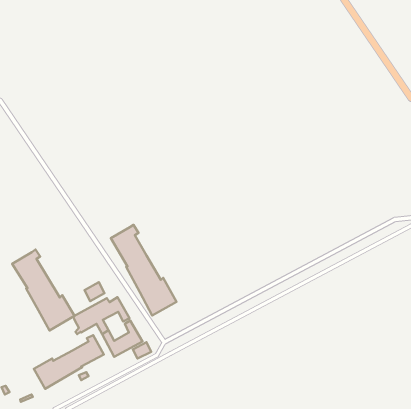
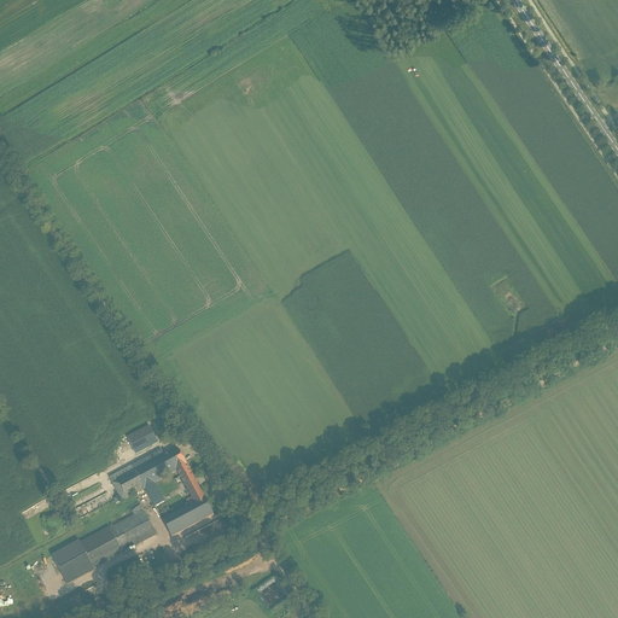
building: [111,225,176,315] -> none
building: [12,250,74,330] -> none

